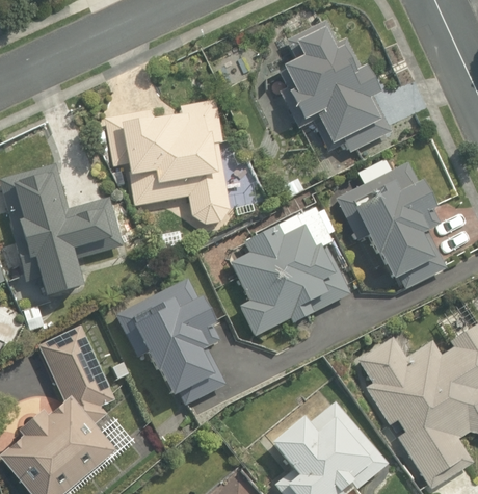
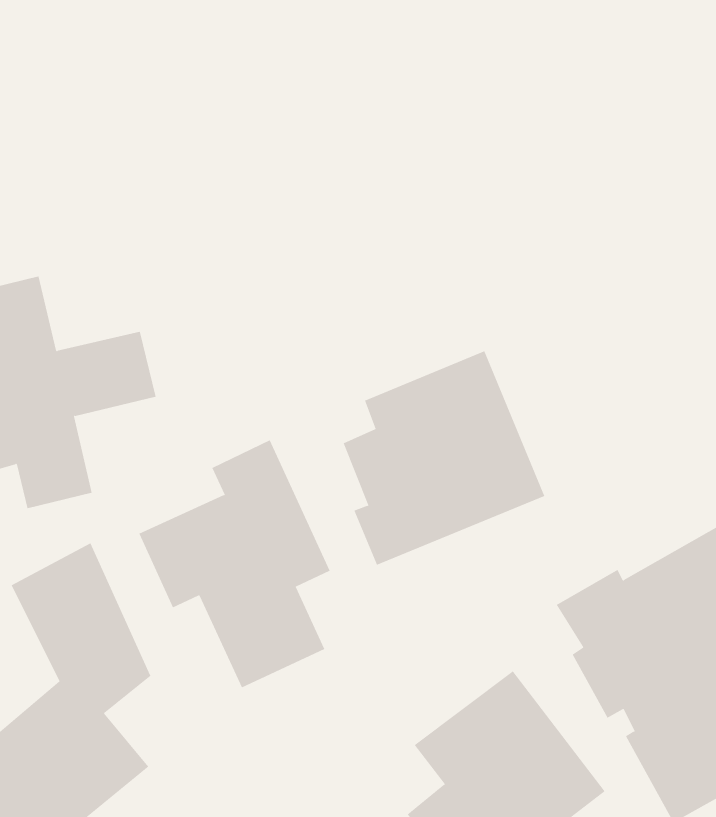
building: [286,16,390,150] -> none
building: [107,98,235,225] -> none
building: [334,155,446,293] -> none

